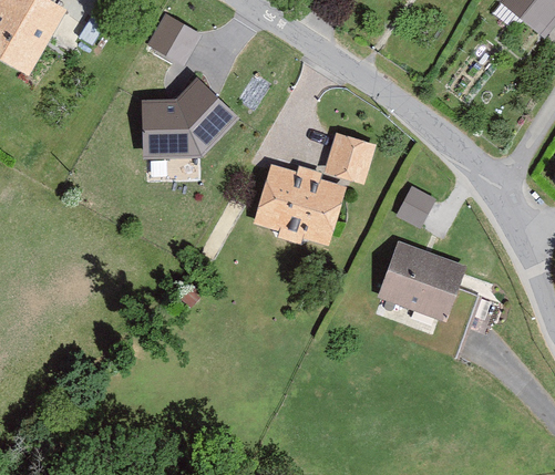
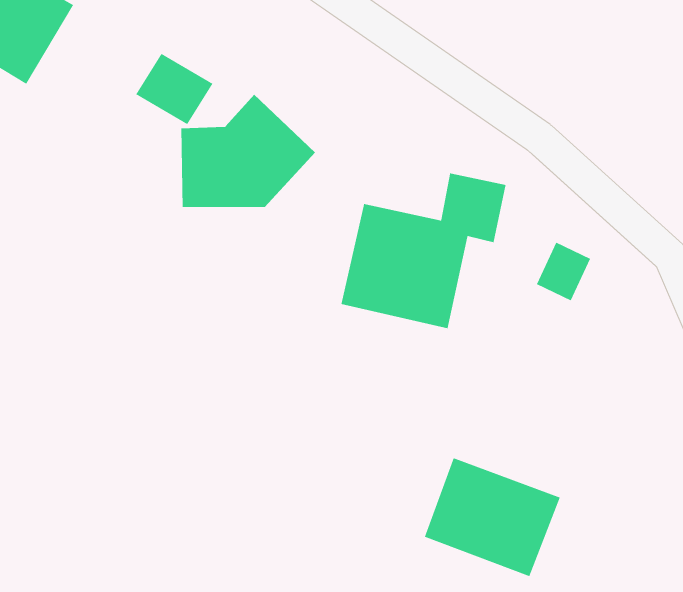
building: [143,12,199,64] -> [135,53,214,125]
building: [366,241,464,328] -> [424,457,561,577]

